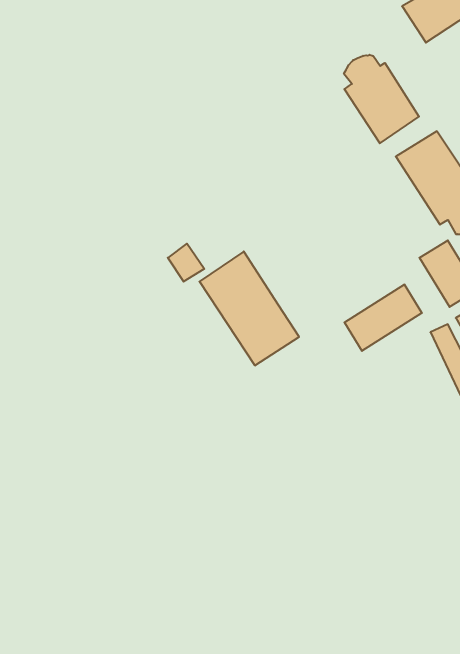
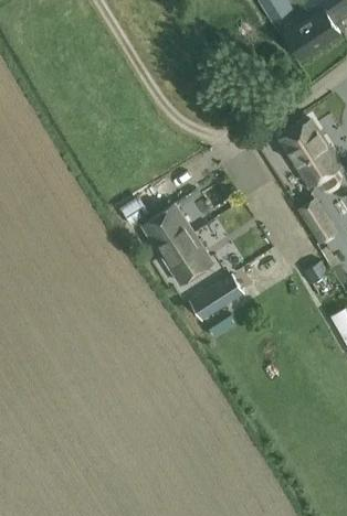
building: [344,55,419,143] -> none
building: [344,285,422,351] -> [190,275,244,321]

